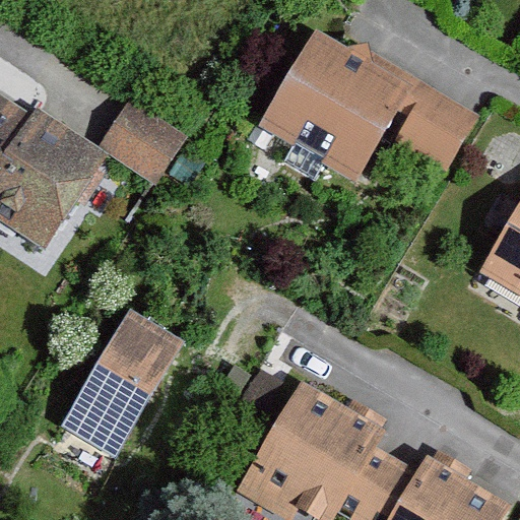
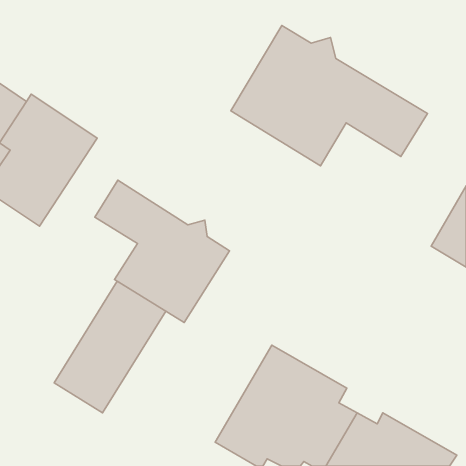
building: [98,98,186,183] -> none
building: none -> [95,180,229,323]

